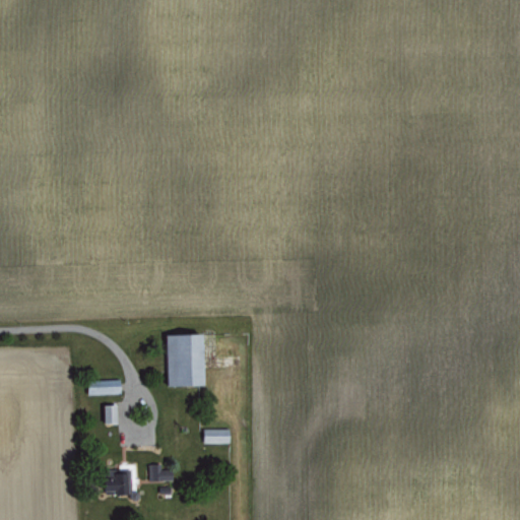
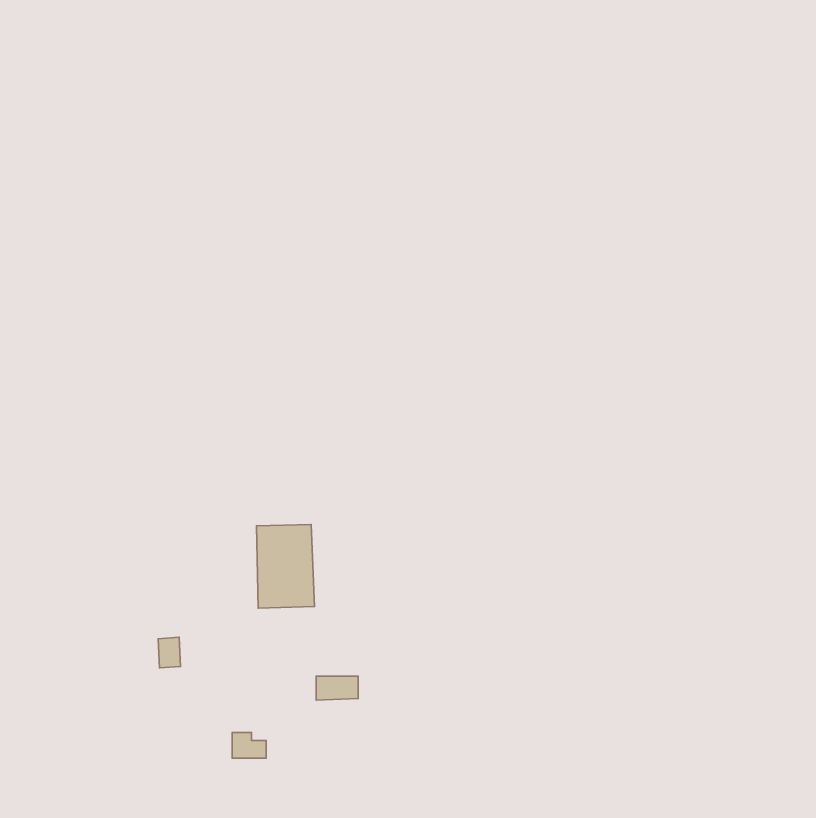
building: [88,381,122,396] -> none
building: [104,467,137,497] -> none

